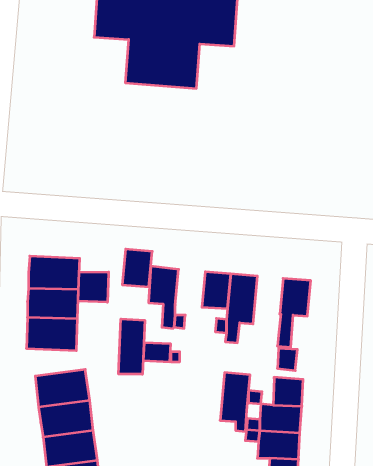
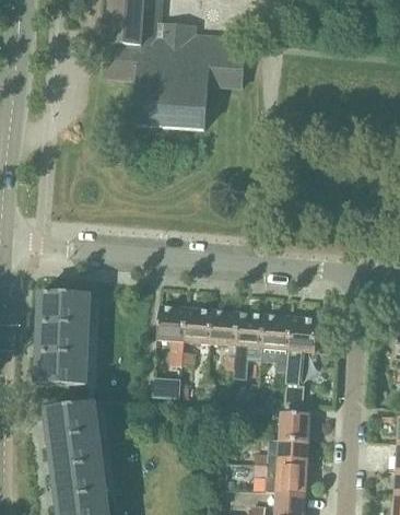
building: [122,249,152,287] -> [184,307,213,344]
building: [78,272,109,302] -> none
building: [119,319,145,374] -> none
building: [220,373,250,432] -> [260,314,290,372]

